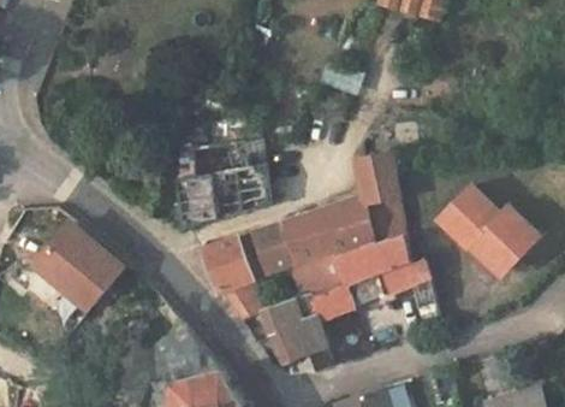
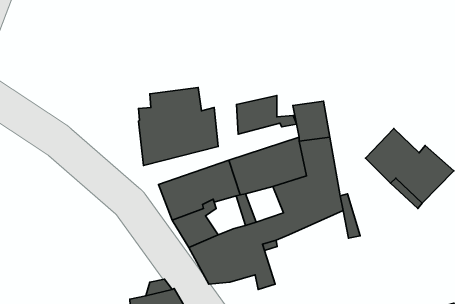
building: none -> [237,96,297,134]
building: [30,224,118,311] -> none

